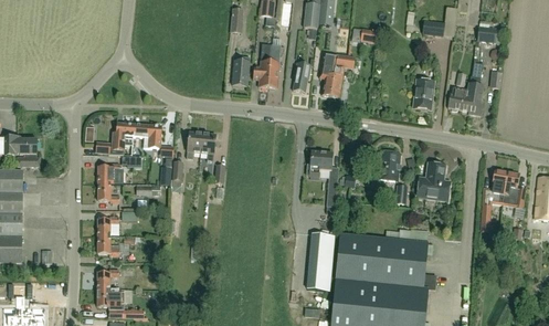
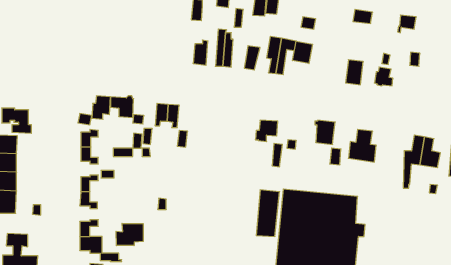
building: none -> [293,41,313,64]
building: [465,62,483,116] -> none
building: none -> [116,223,143,246]

